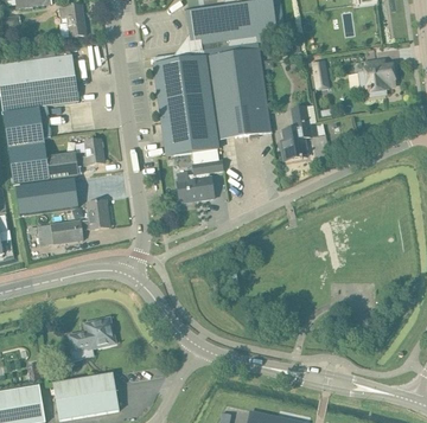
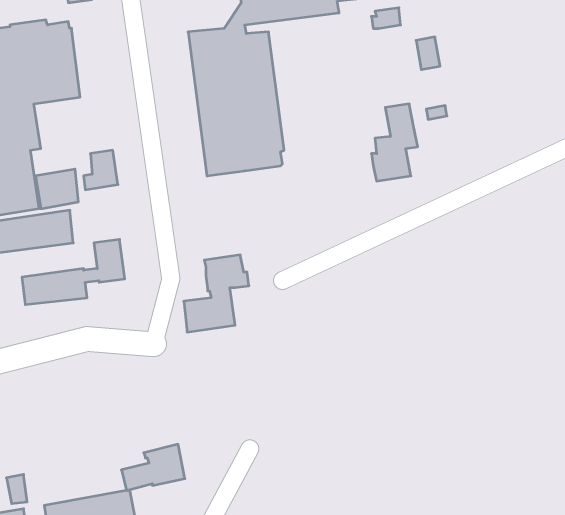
building: [192,43,270,137] -> none
building: [359,60,395,95] -> none
building: [178,148,223,201] -> [184,255,249,332]
building: [70,318,114,350] -> [121,444,185,491]

